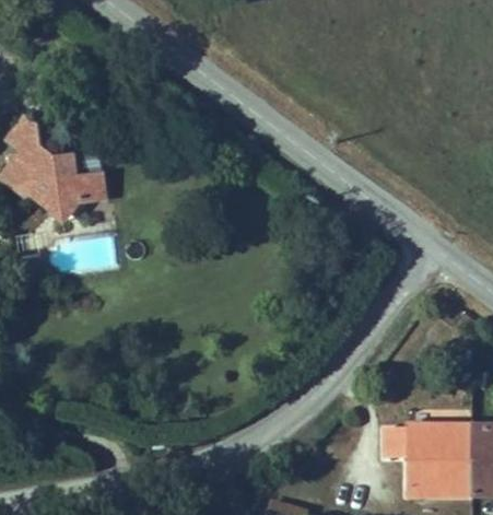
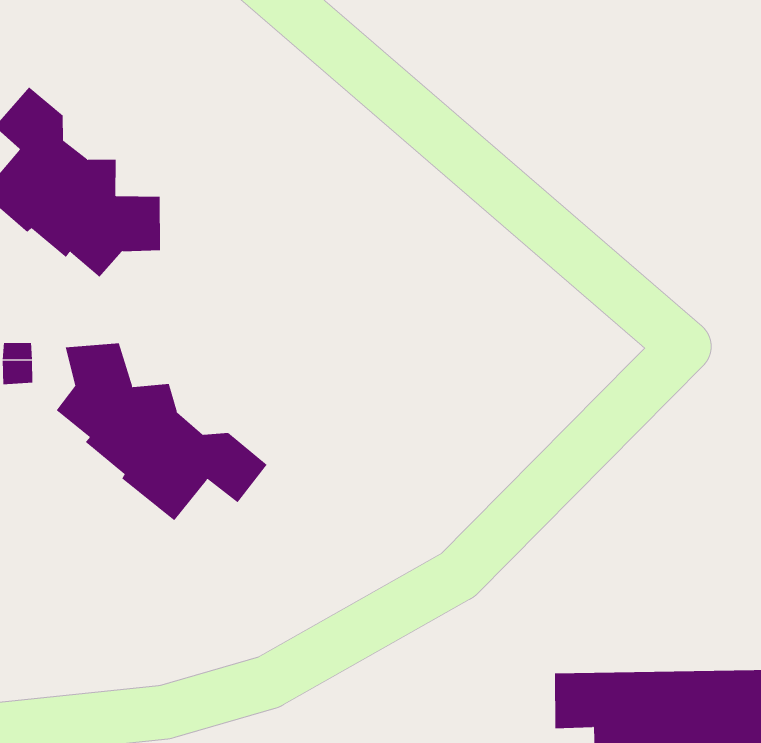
building: none -> [56,342,268,521]

